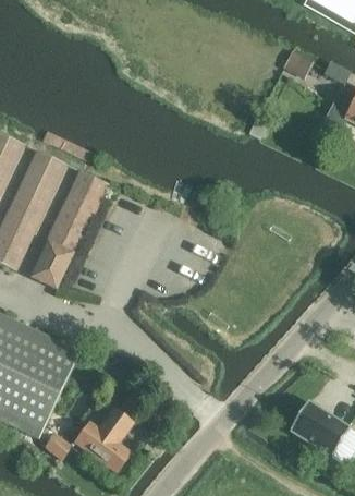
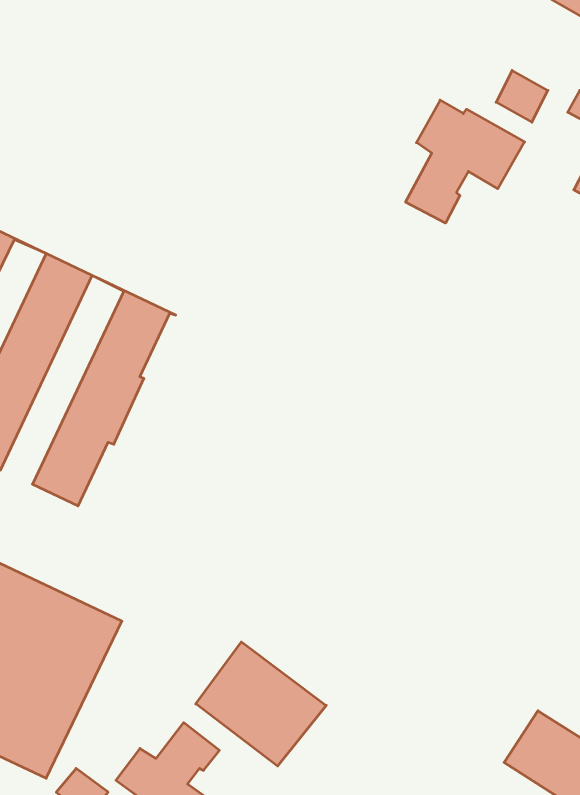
building: none -> [406,100,525,223]
building: none -> [196,642,326,766]

